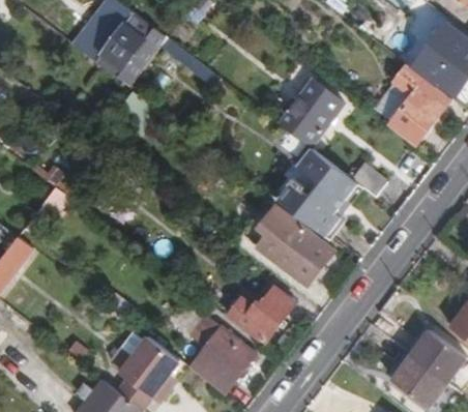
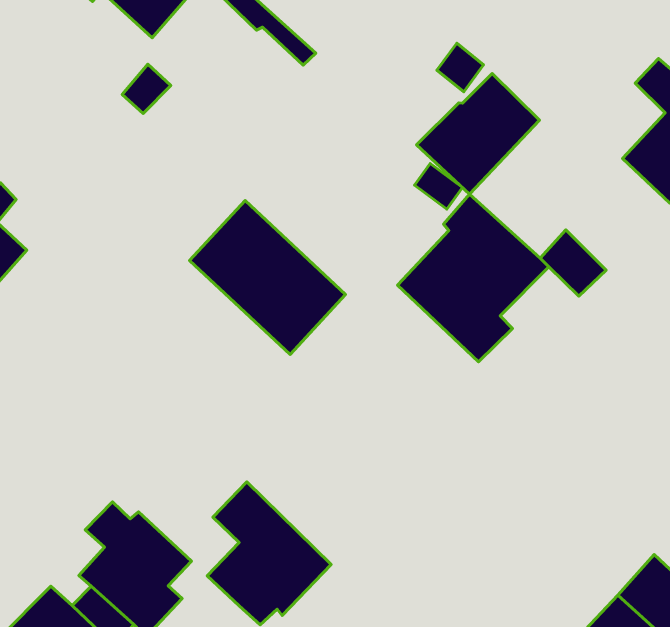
building: [247,205,333,286] -> [190,201,346,354]
building: [229,288,292,341] -> none

